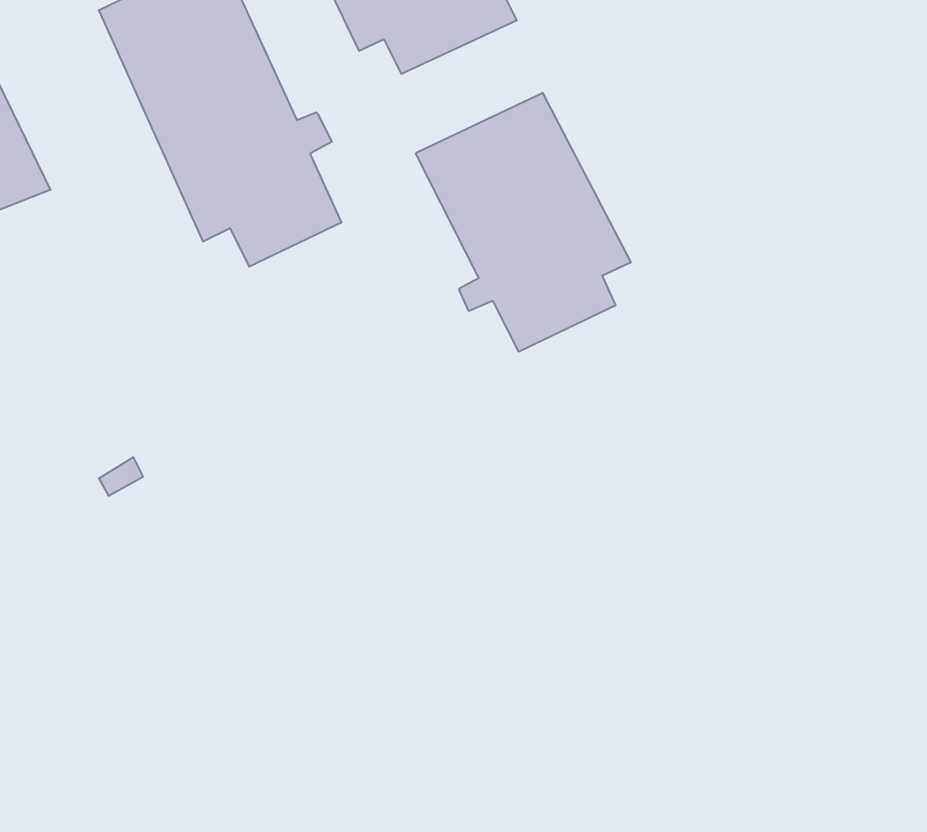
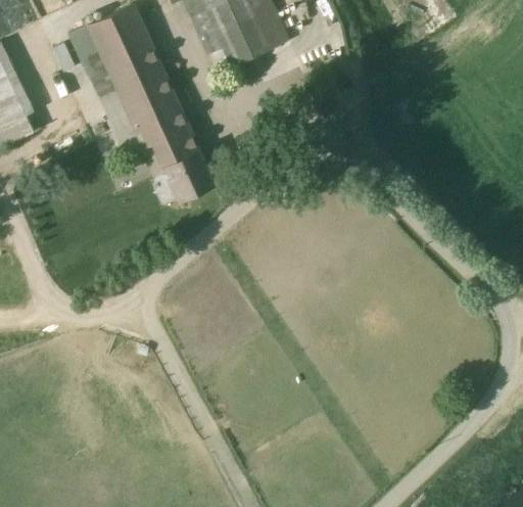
building: [416,93,631,352] -> none
building: none -> [147,144,212,201]

